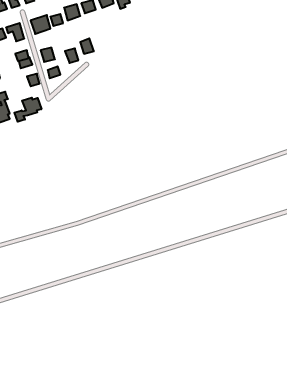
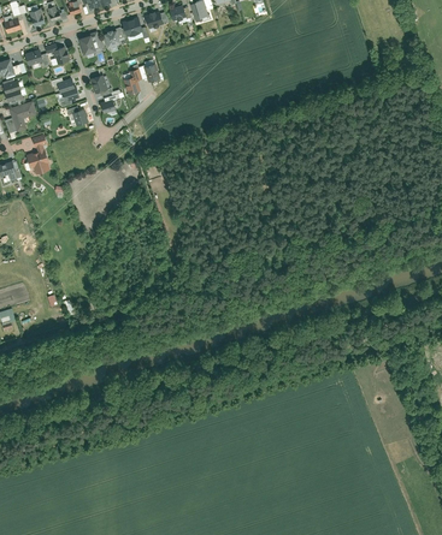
building: [14,98,41,122] -> none

